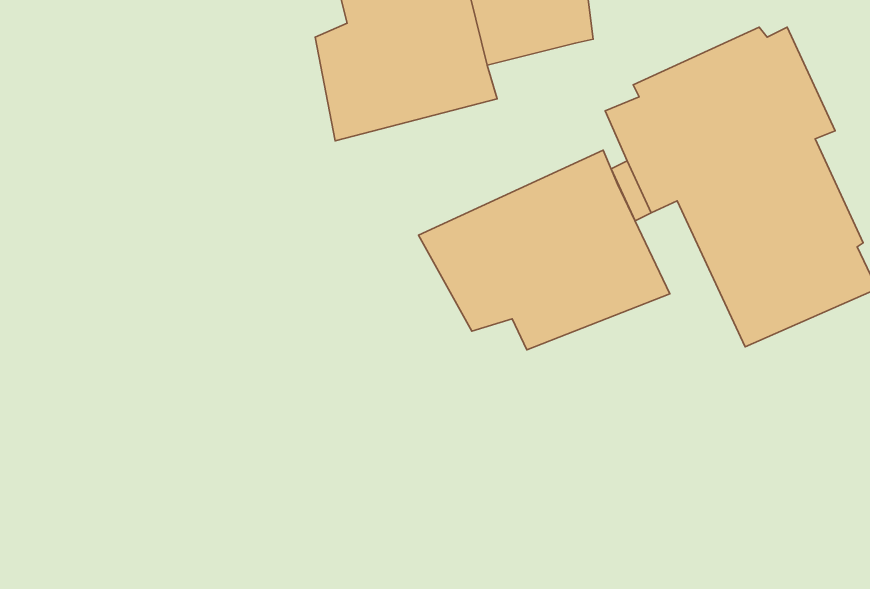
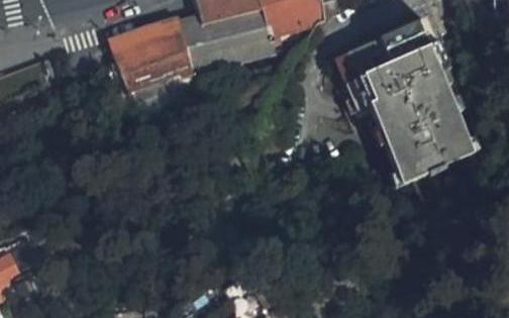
building: none -> [111,17,195,97]
building: [419,150,670,350] -> none

